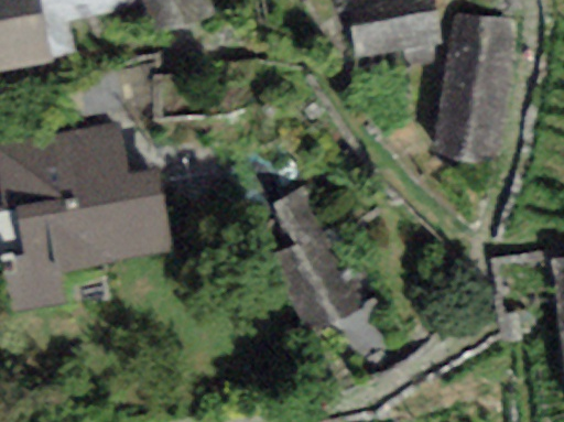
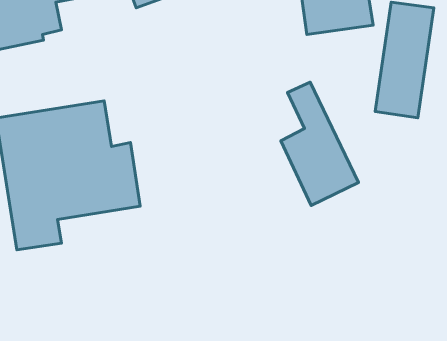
building: [270,187,360,331] -> [281,82,359,205]

